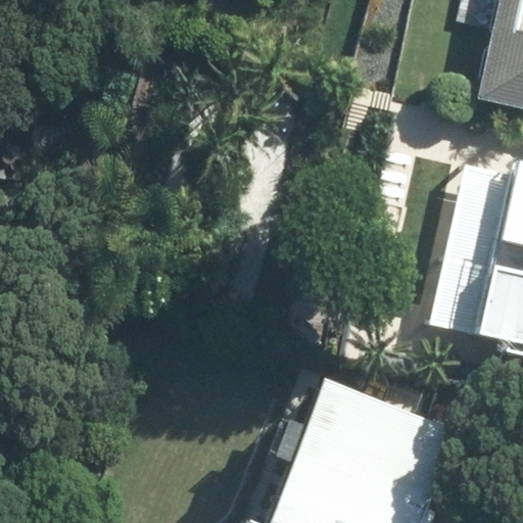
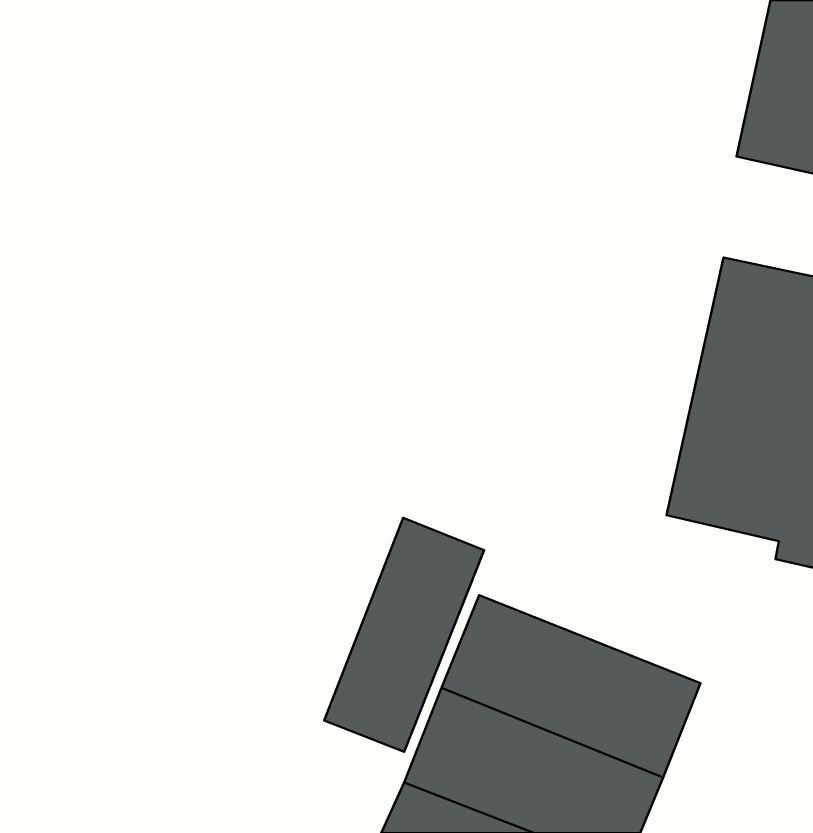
building: none -> [324,518,484,752]

